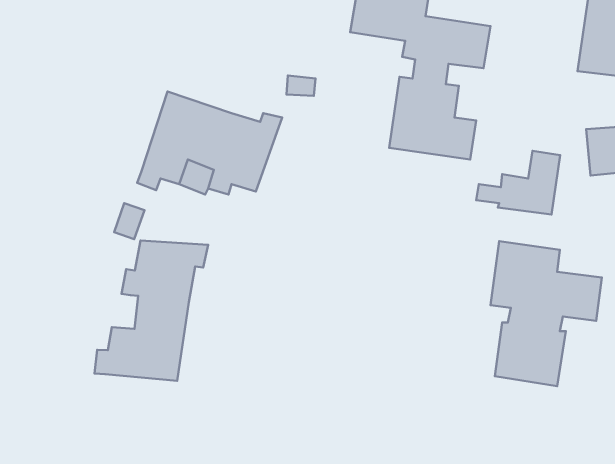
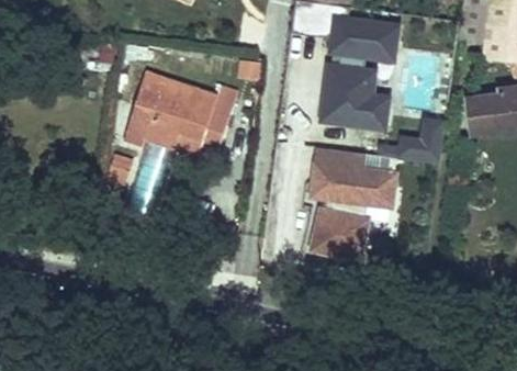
building: [94,241,208,381] -> none
building: [490,241,602,386] -> [307,143,392,252]

